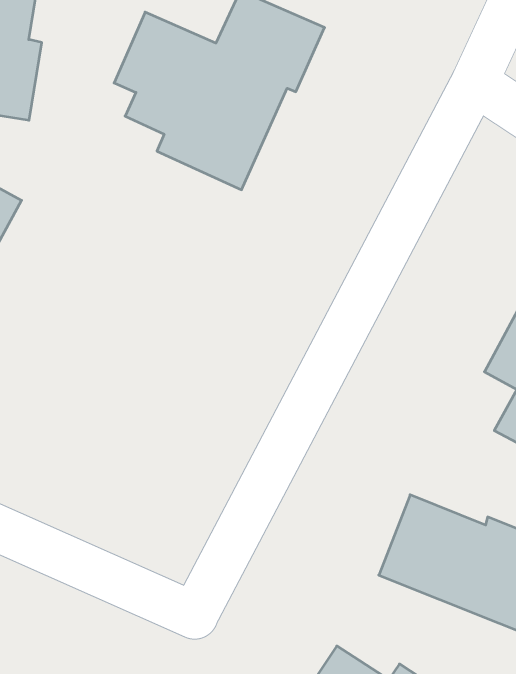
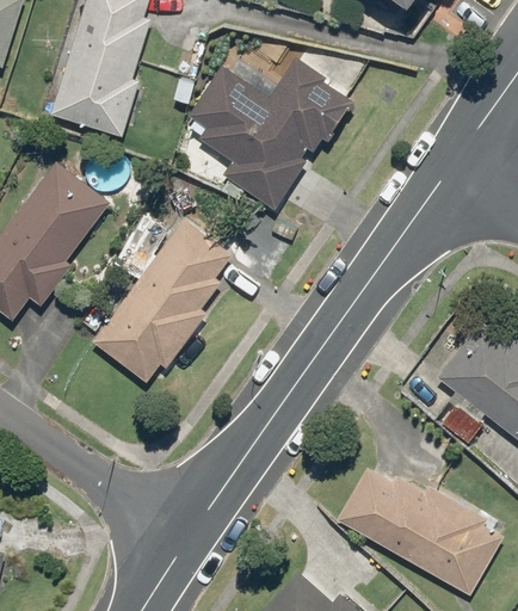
building: none -> [91,214,235,381]

